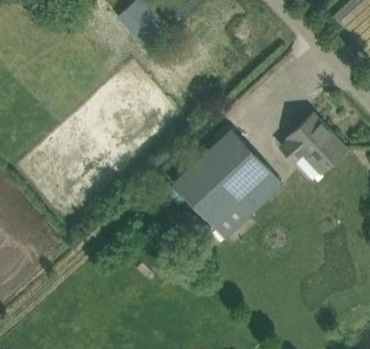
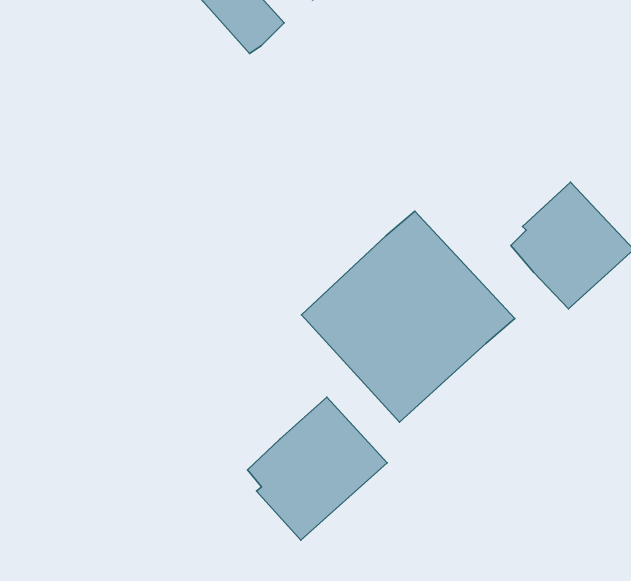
building: none -> [248,397,387,540]

